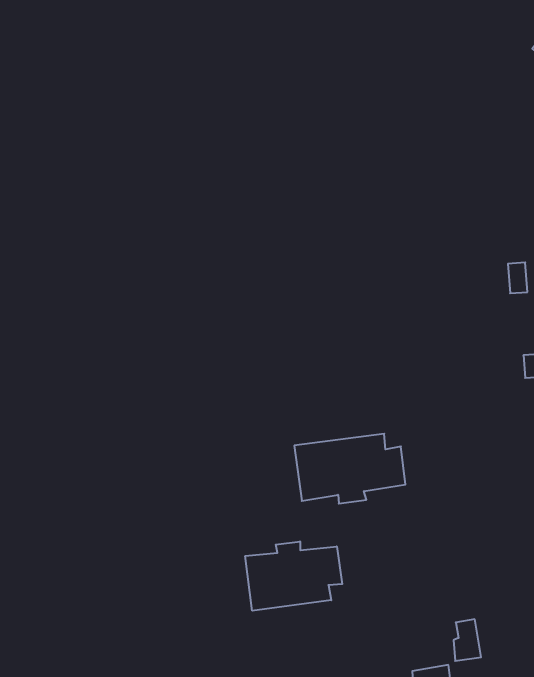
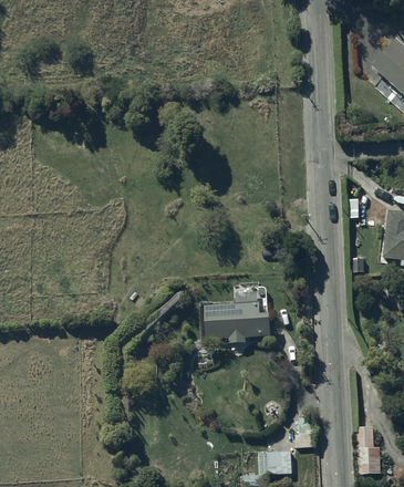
building: [245,541,342,611] -> none

